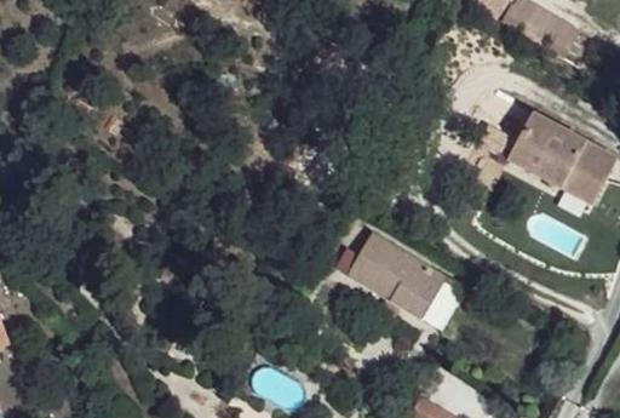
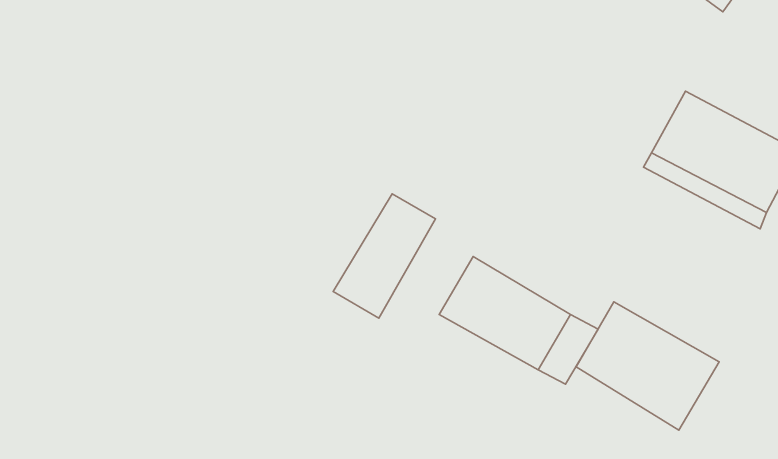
building: none -> [333,194,436,318]
building: none -> [576,302,719,430]

